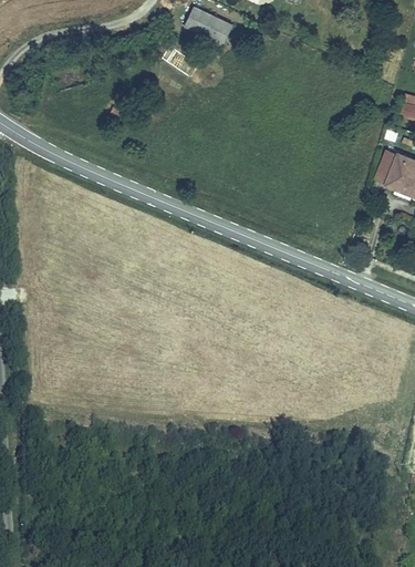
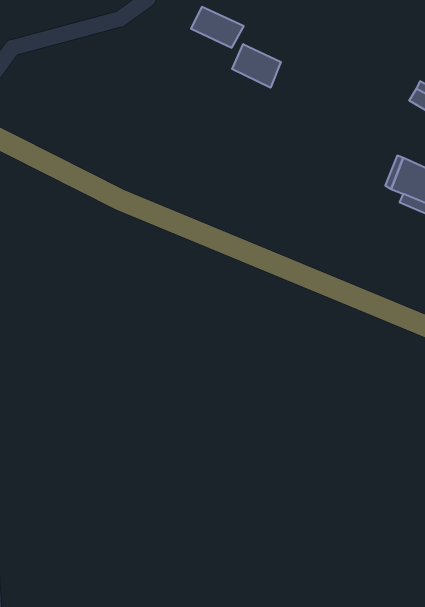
building: none -> [232,44,281,88]

